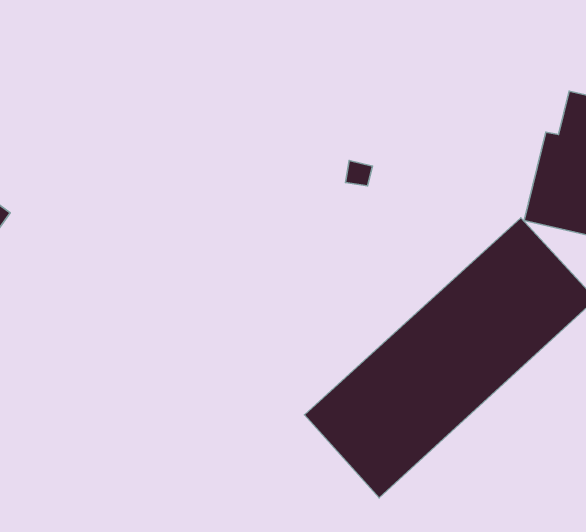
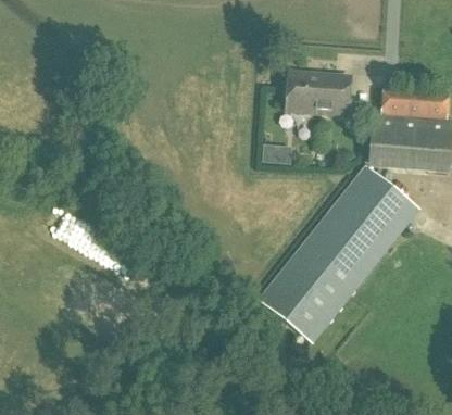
building: none -> [287,71,351,114]

